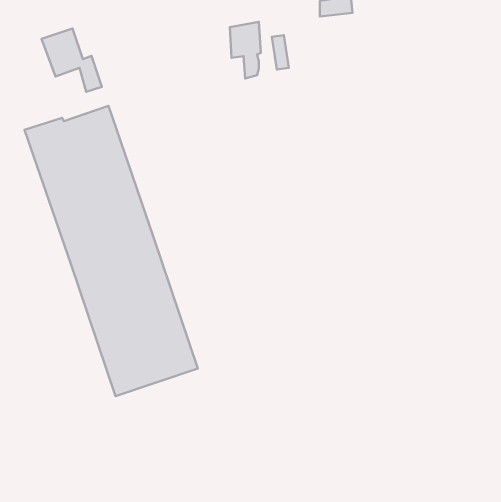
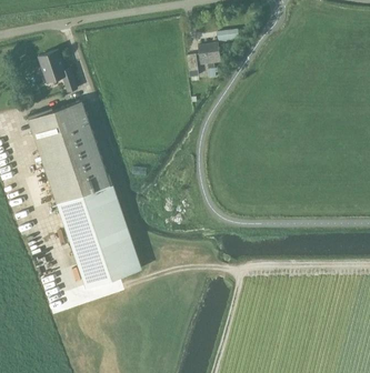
building: [230,22,261,79] -> [199,41,219,78]

